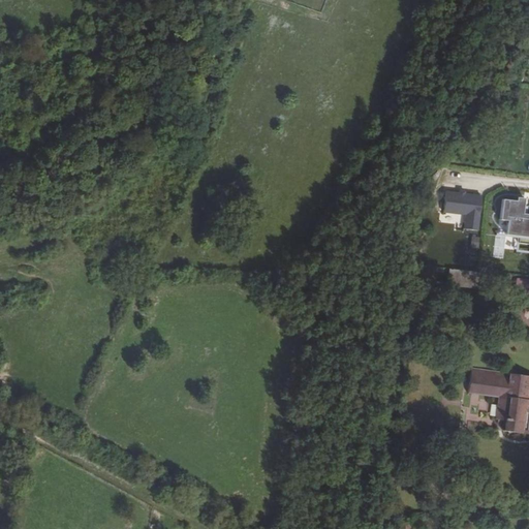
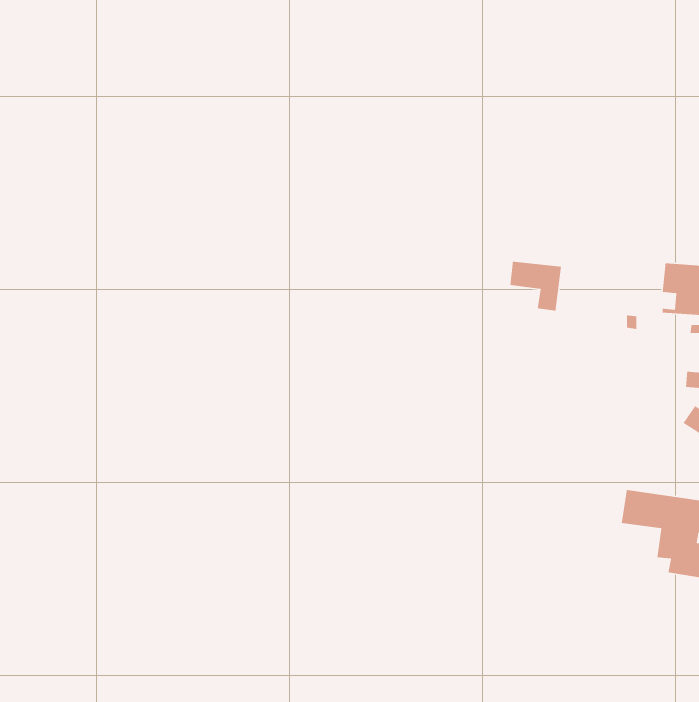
building: [446,192,486,230] -> [509,261,562,312]

